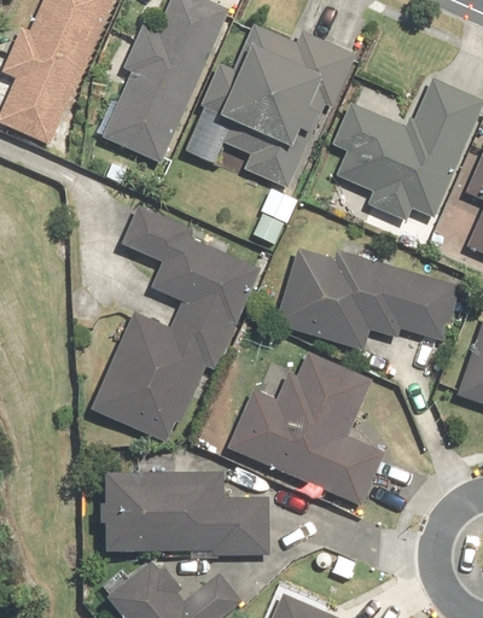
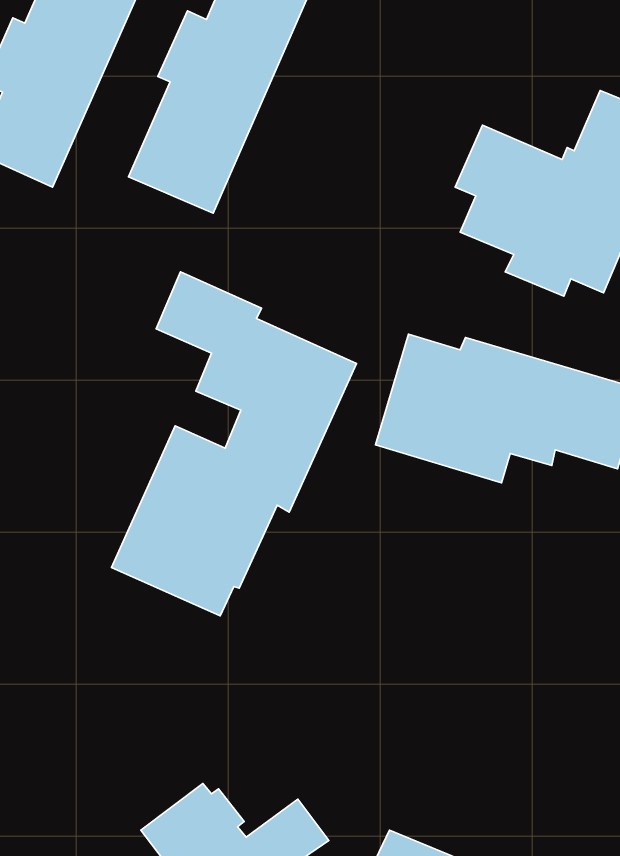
building: [185,24,355,191] -> none
building: [228,351,385,506] -> none
building: [107,470,269,555] -> none

